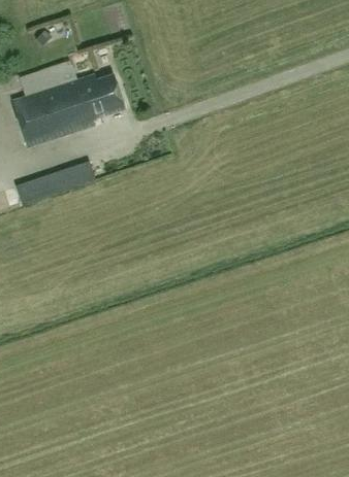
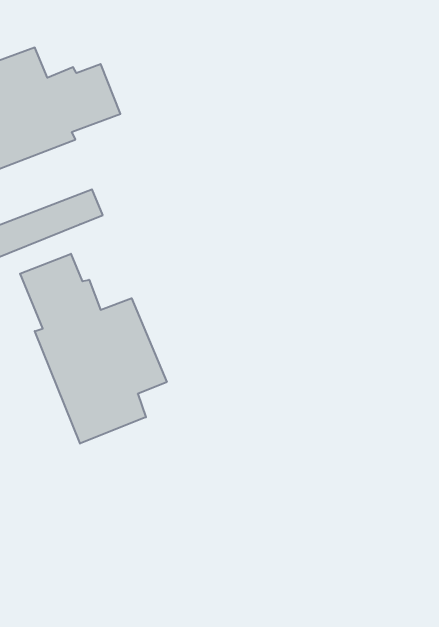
building: none -> [20,254,167,444]

